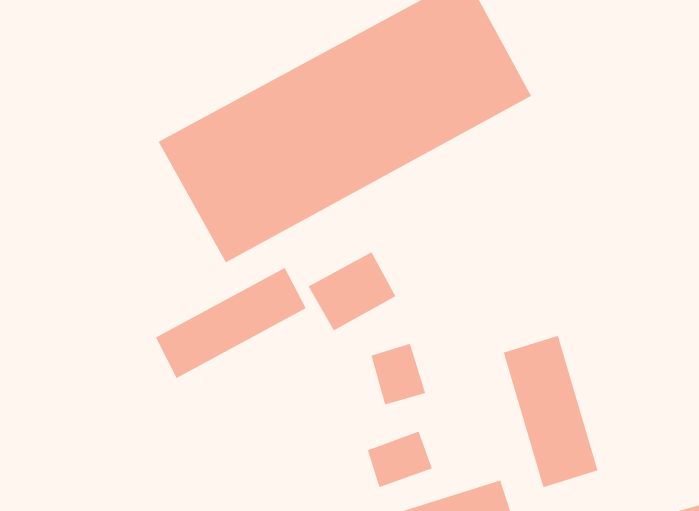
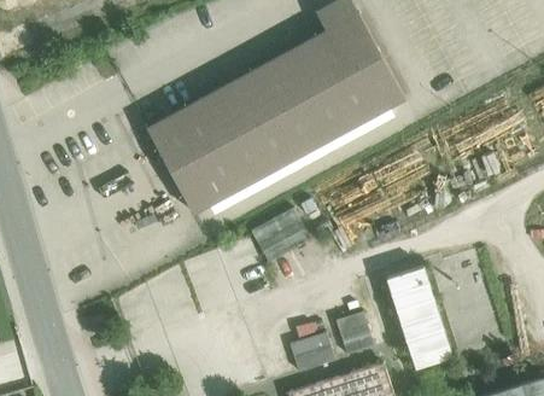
building: [155,267,307,379] -> none
building: [371,343,426,406] -> [335,310,374,354]

